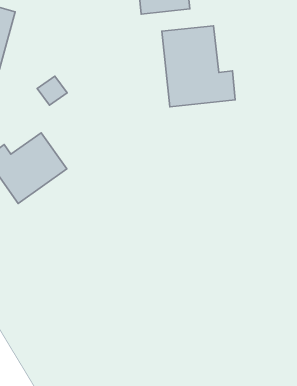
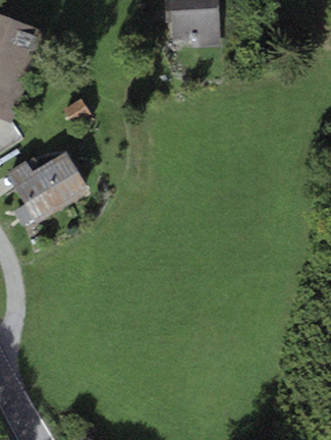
building: [162,26,235,107] -> none

